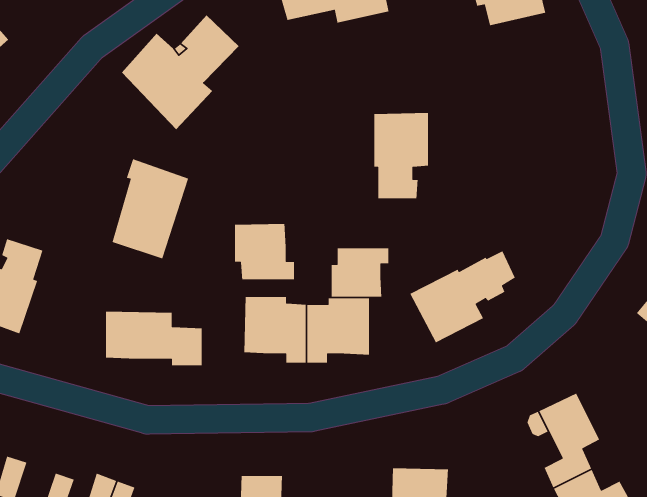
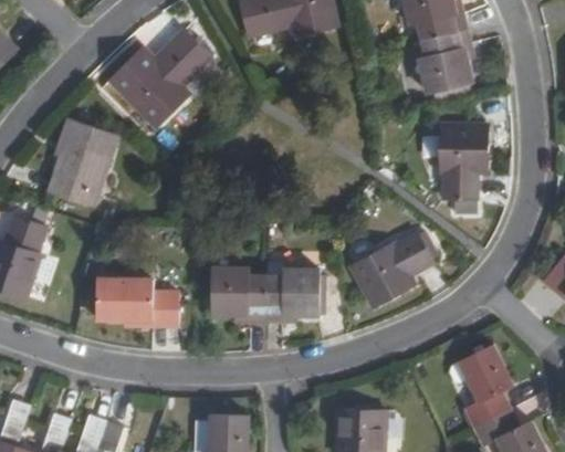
building: none -> [416,29,471,94]
building: [374,112,429,199] -> [440,125,486,198]
building: [111,158,189,260] -> [50,120,115,206]
building: [234,223,295,280] -> none
building: [331,248,389,298] -> none

